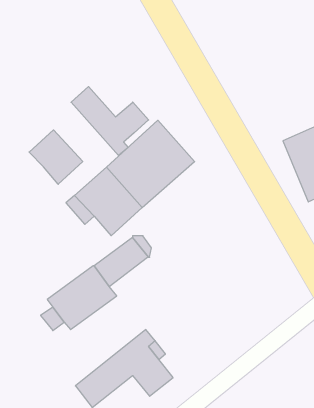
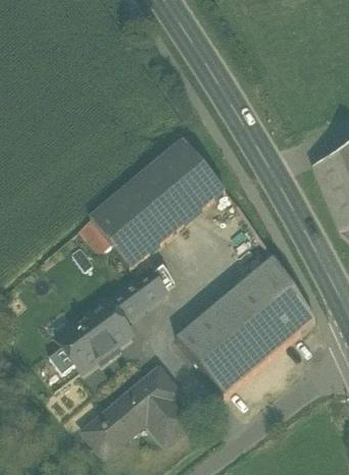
building: [71,87,149,156] -> none
building: [29,130,83,184] -> none
building: none -> [177,250,315,395]

